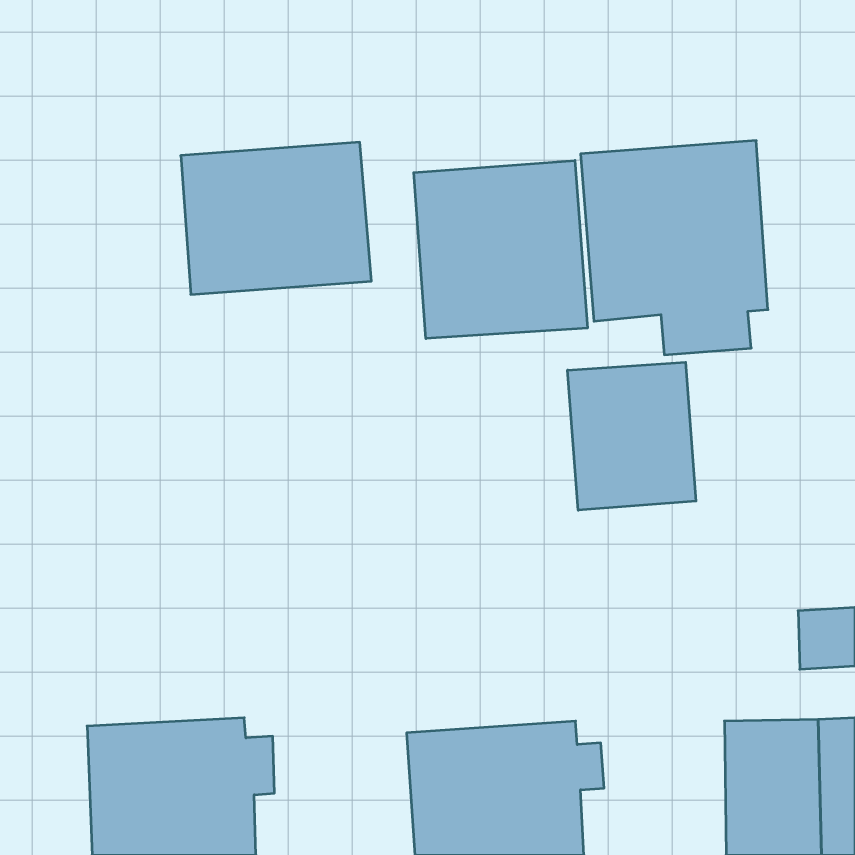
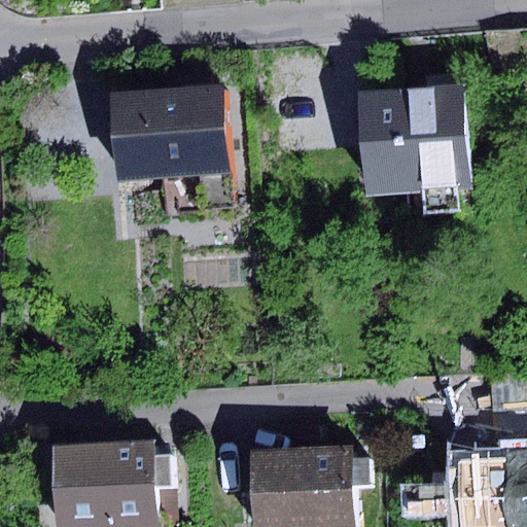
building: [414,160,587,339] -> none
building: [568,362,696,510] -> none

